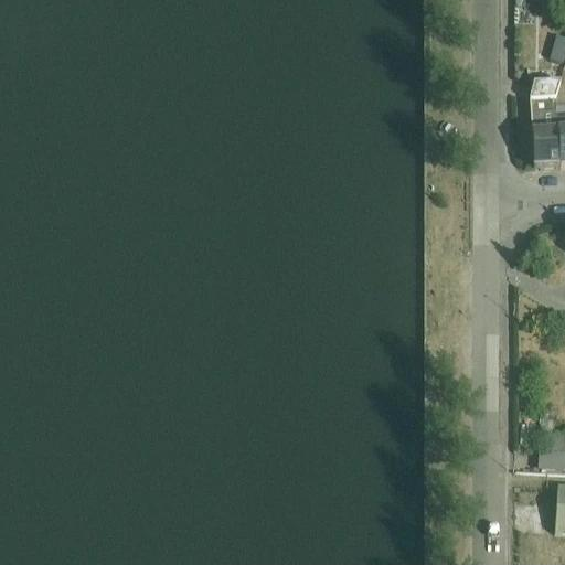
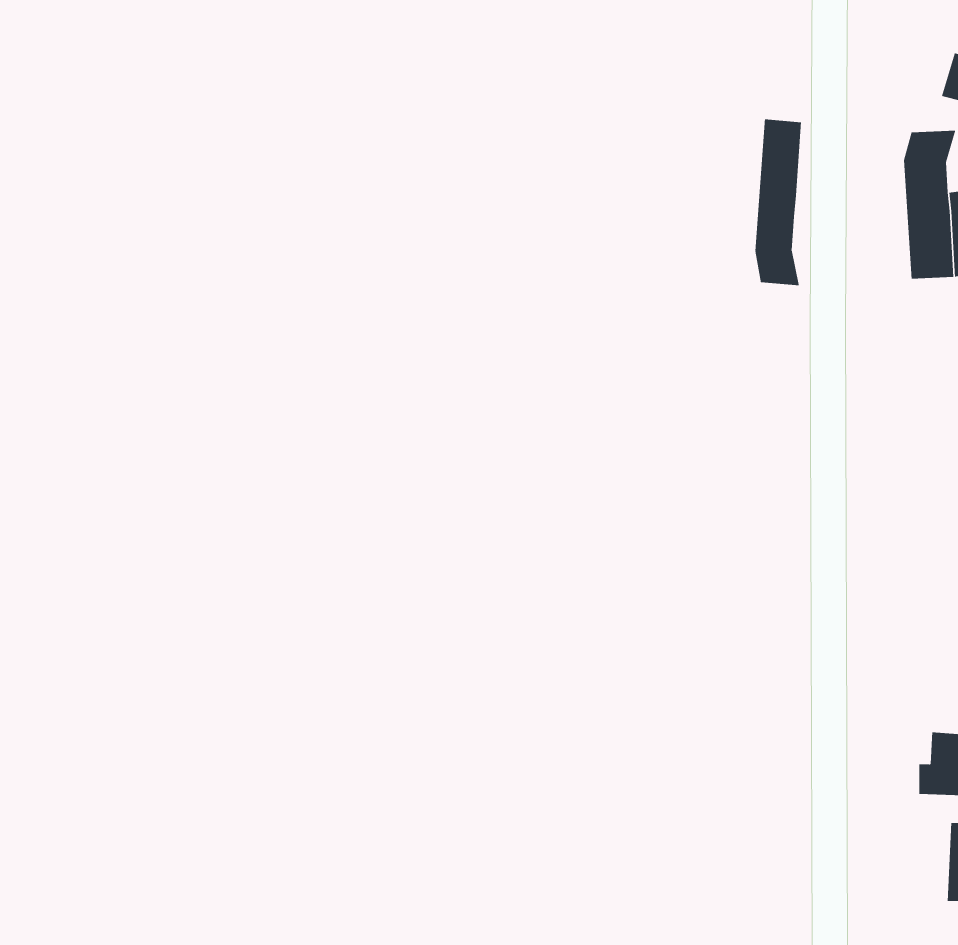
building: none -> [755,119,802,286]

